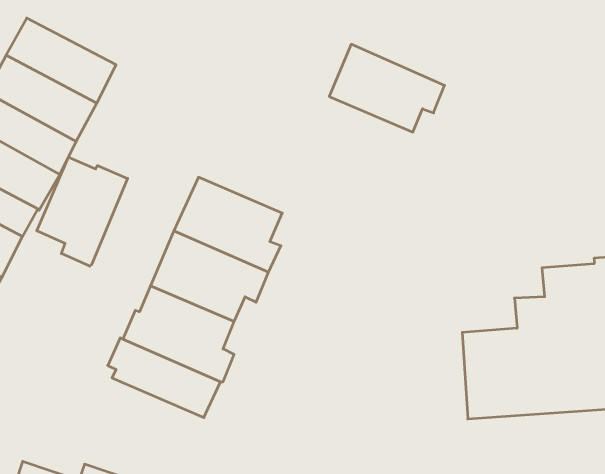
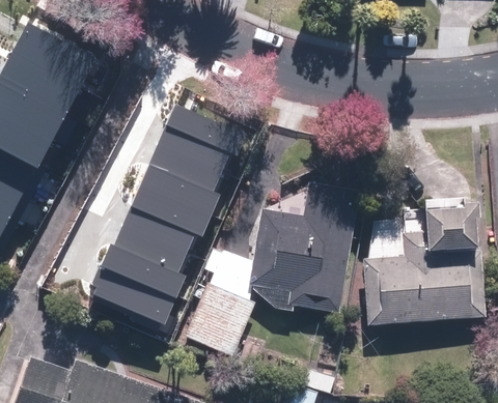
building: [329,44,445,132] -> [160,103,247,169]
building: [37,157,128,266] -> none
building: none -> [246,180,358,313]
building: none -> [182,283,252,356]

